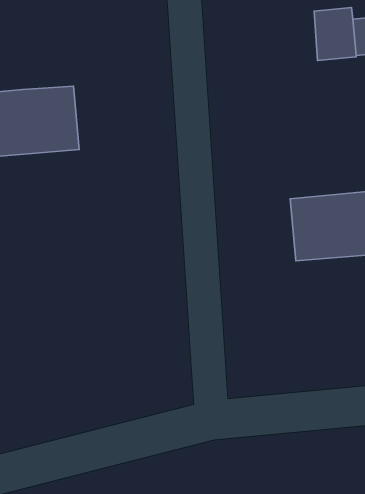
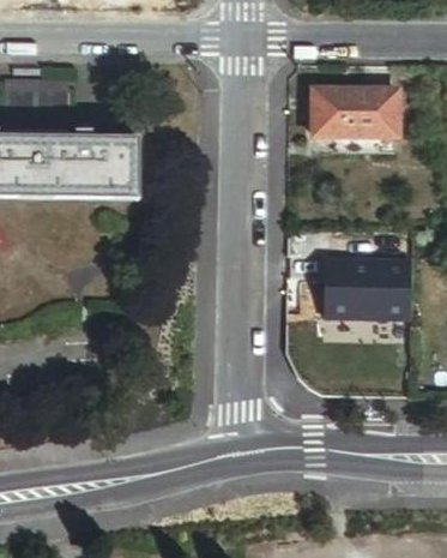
building: none -> [313,88,363,134]

